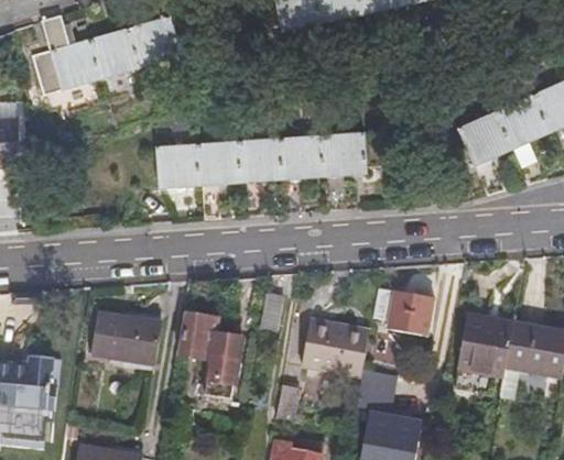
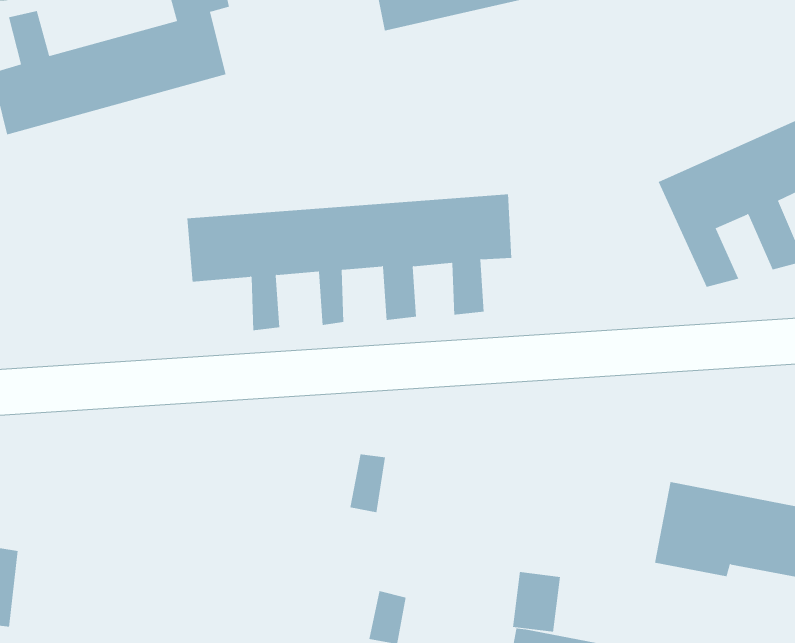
building: [375,286,437,335] -> none
building: [94,311,163,362] -> none
building: [170,316,242,408] -> none
building: [303,321,371,377] -> none

